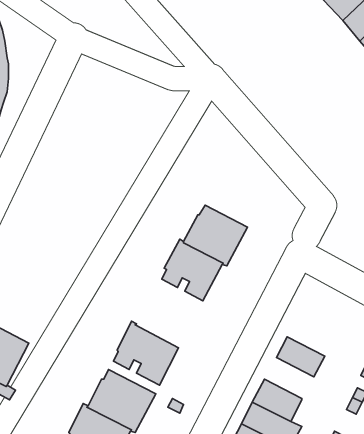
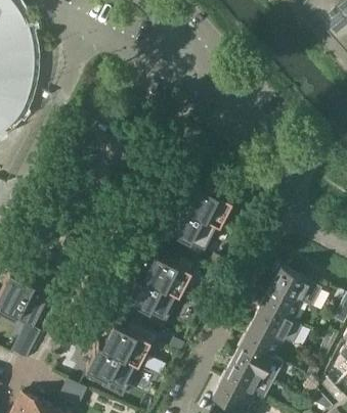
building: none -> [142,245,197,296]
building: none -> [271,267,321,308]
building: none -> [252,305,302,345]

